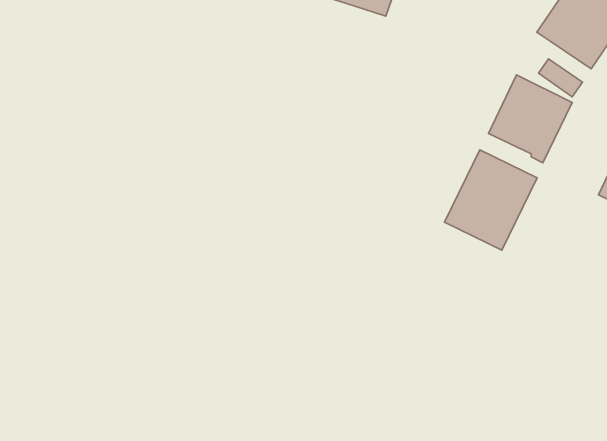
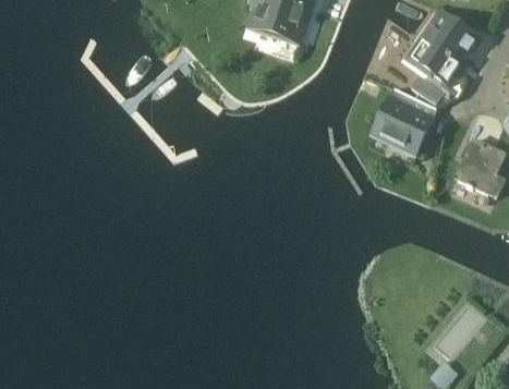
building: [445,150,537,250] -> none

